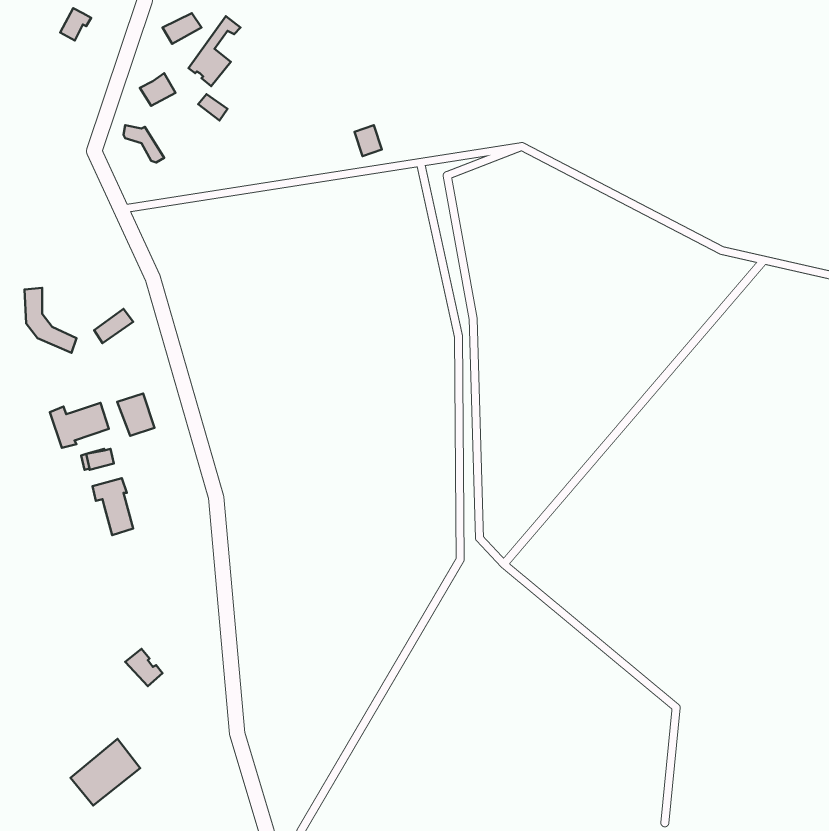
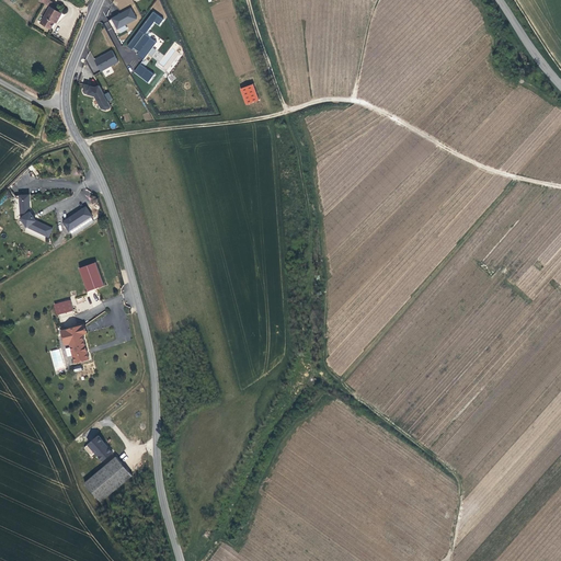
building: [50,403,109,448] -> none
building: [70,739,140,806] -> [81,457,128,502]

